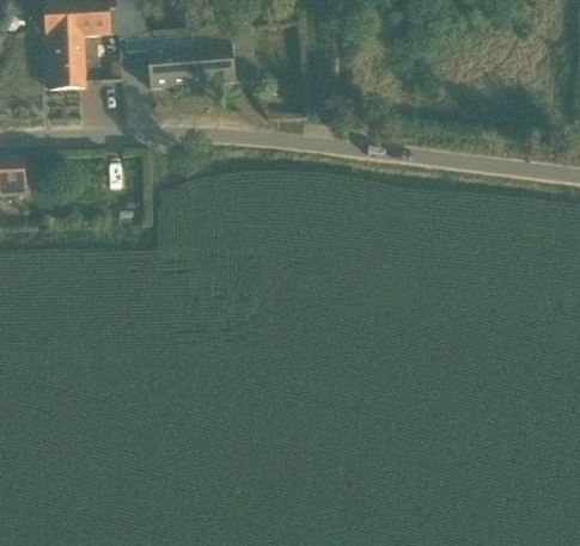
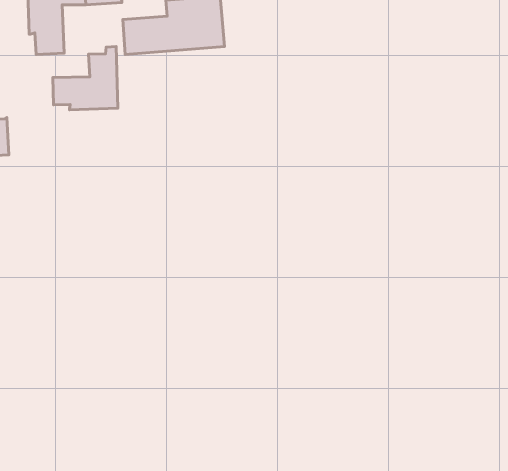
building: none -> [53,46,118,110]

